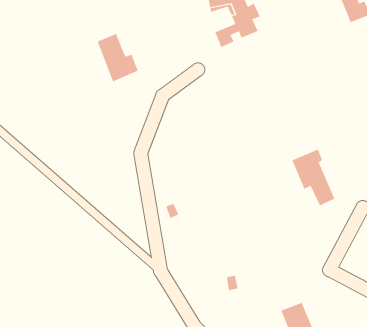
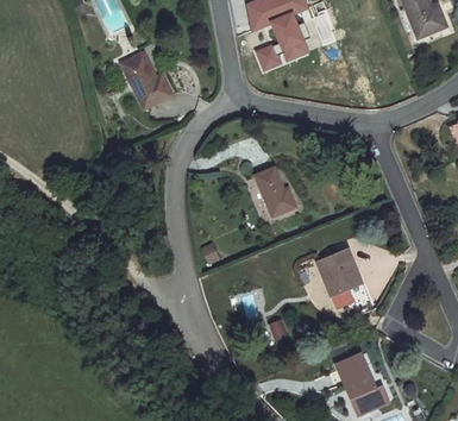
building: none -> [253,169,295,218]
building: [291,149,335,206] -> [314,249,364,314]

